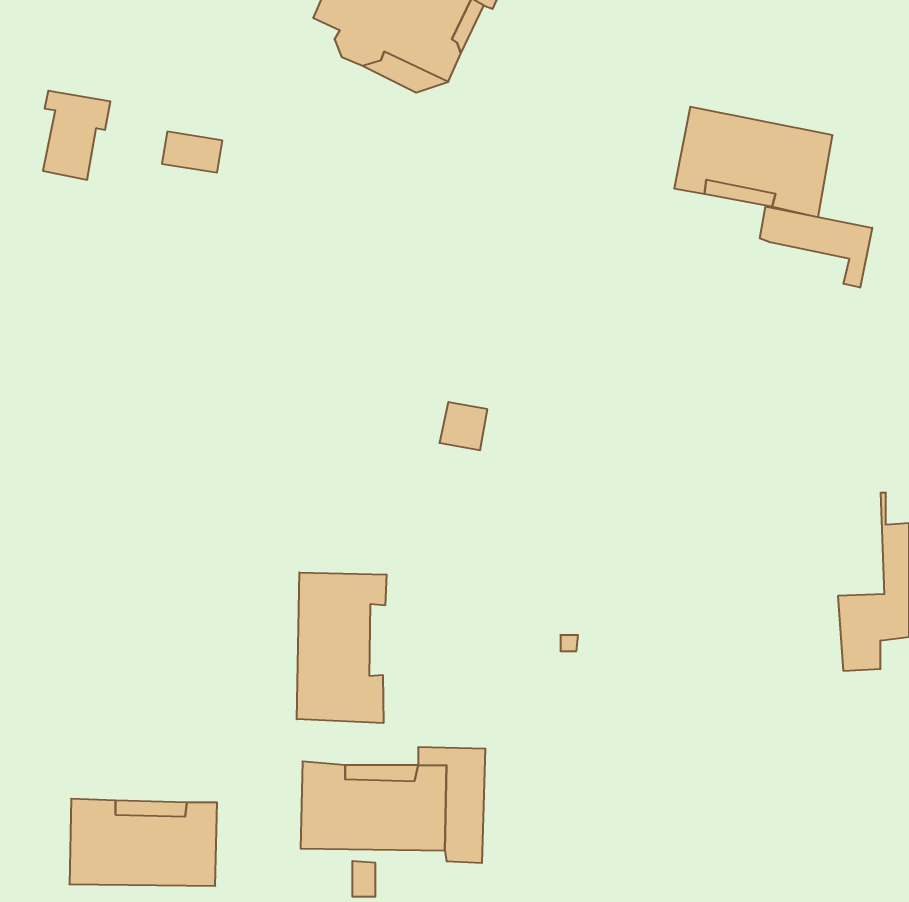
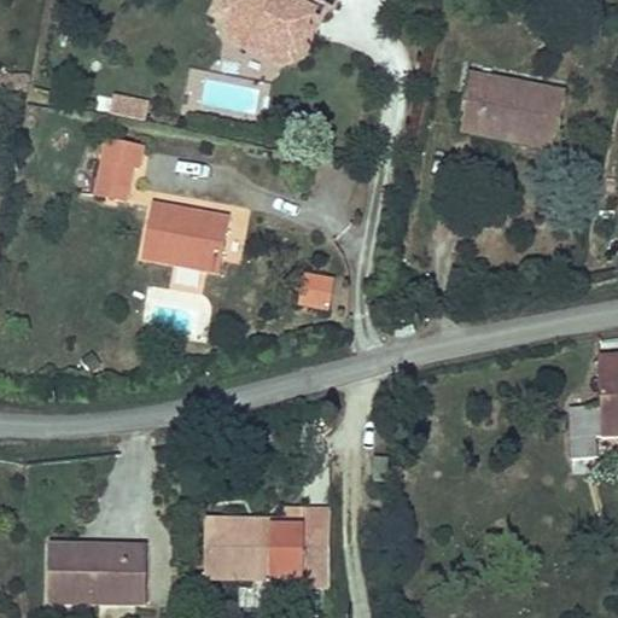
building: [43,91,110,180] -> [97,138,142,198]
building: [760,207,872,288] -> none
building: none -> [142,202,229,270]
building: [297,572,386,723] -> none

